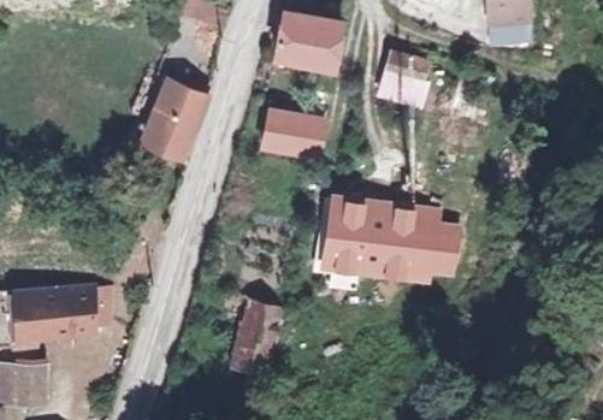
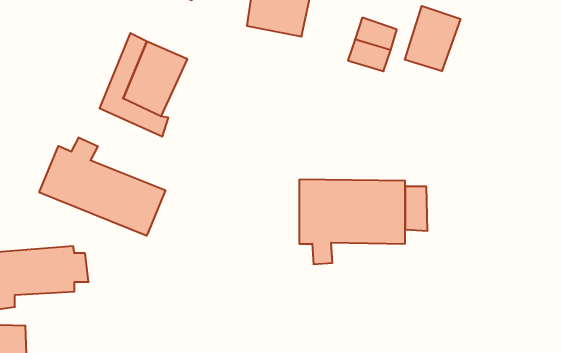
building: none -> [405,6,461,71]
building: [256,107,323,159] -> none
building: none -> [39,137,165,236]
building: [231,301,285,373] -> none

